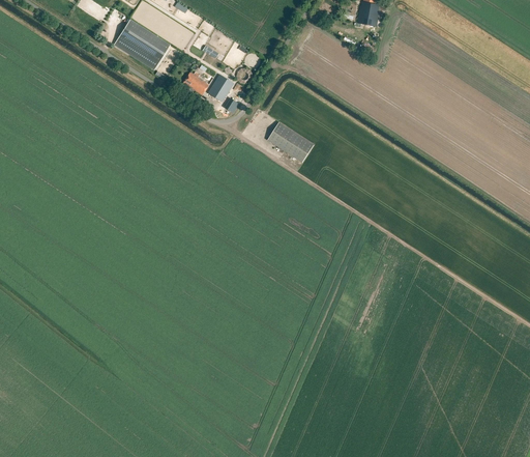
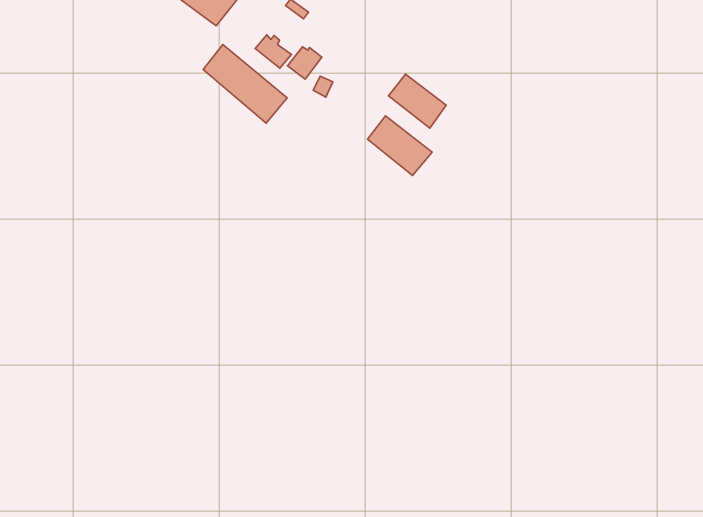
building: none -> [203,45,287,123]
building: none -> [388,74,446,128]

